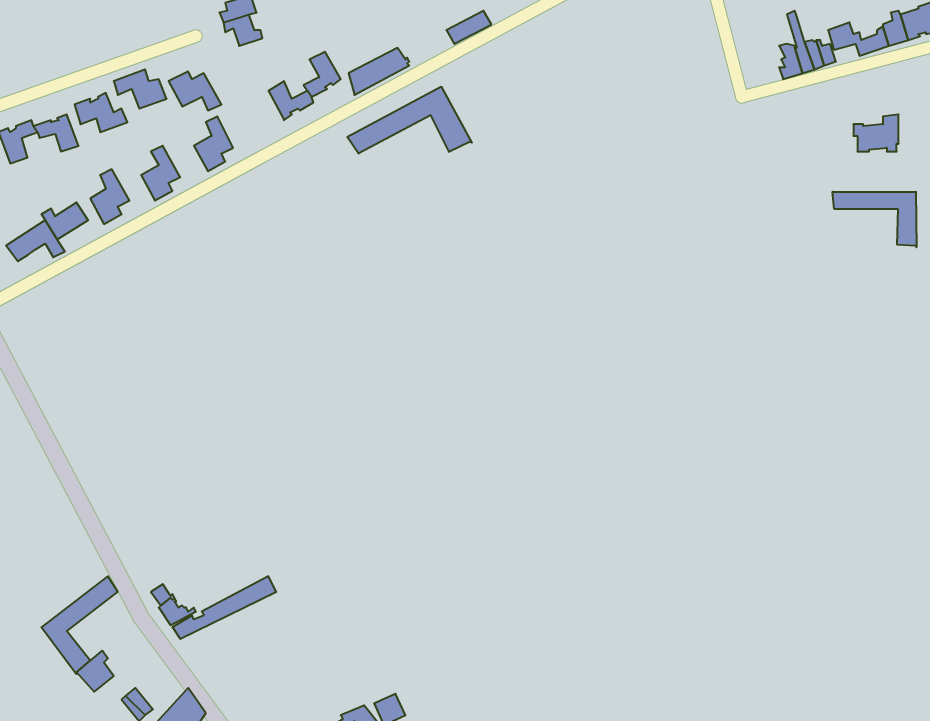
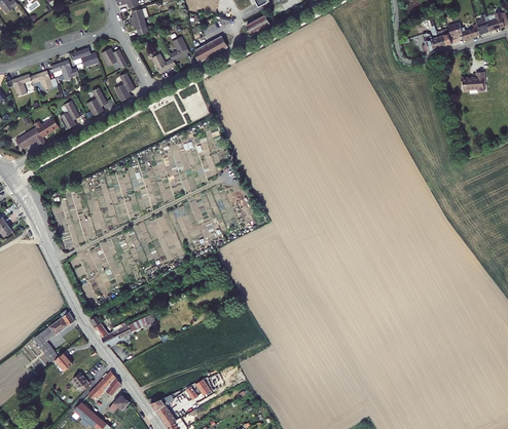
building: [347,87,472,154] -> none
building: [833,192,916,247] -> none

